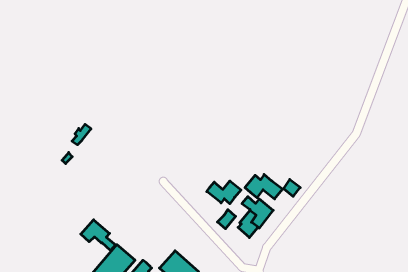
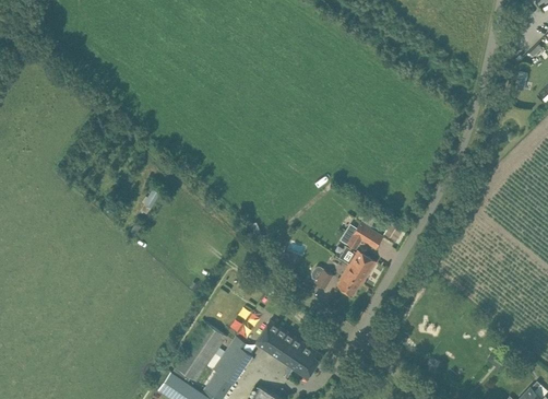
building: [207,181,241,204] -> none
building: [81,220,116,251] -> none

